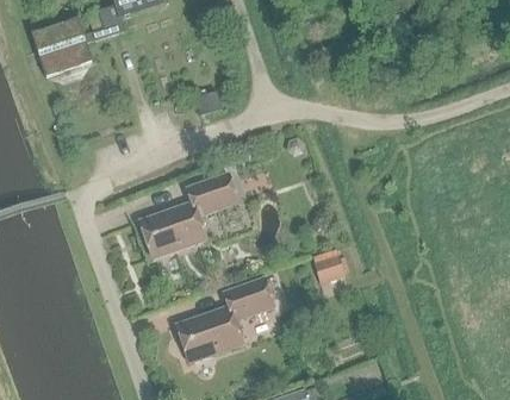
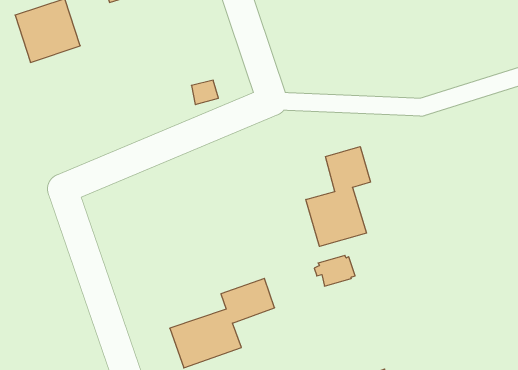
building: none -> [306,147,370,246]
building: [139,171,237,256] -> none

